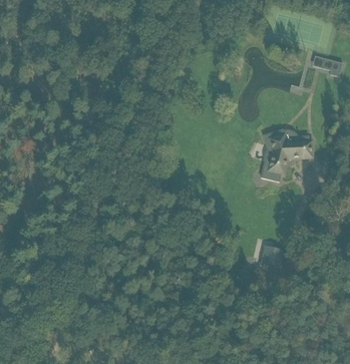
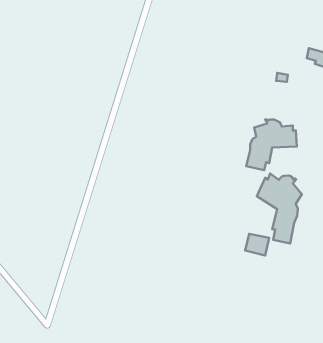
building: none -> [257,174,302,243]

